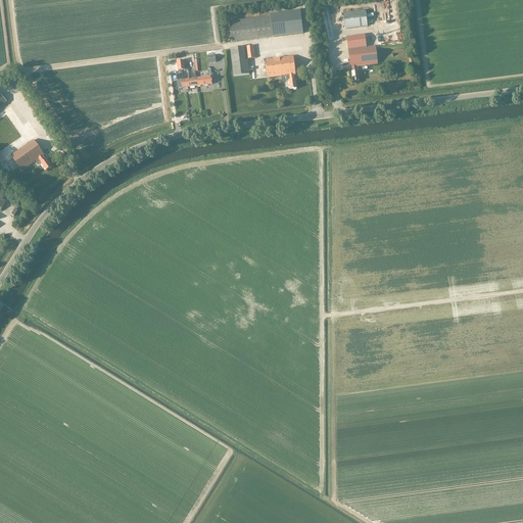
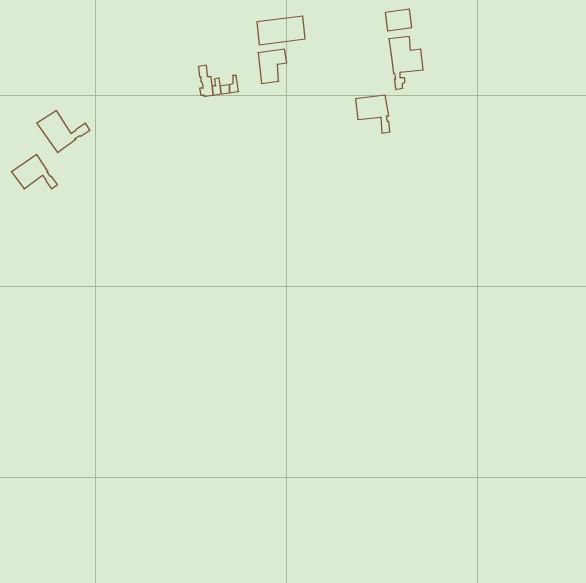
building: [269,9,302,35] -> none
building: [266,54,296,88] -> [356,95,390,133]
building: none -> [37,110,90,153]

